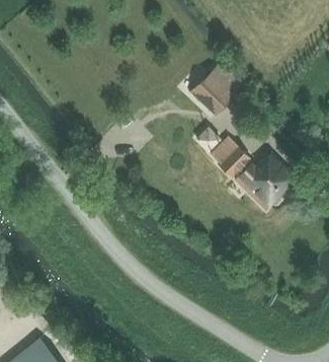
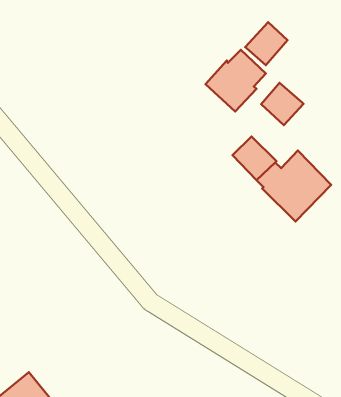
building: none -> [245,22,288,65]
building: none -> [261,83,304,125]

